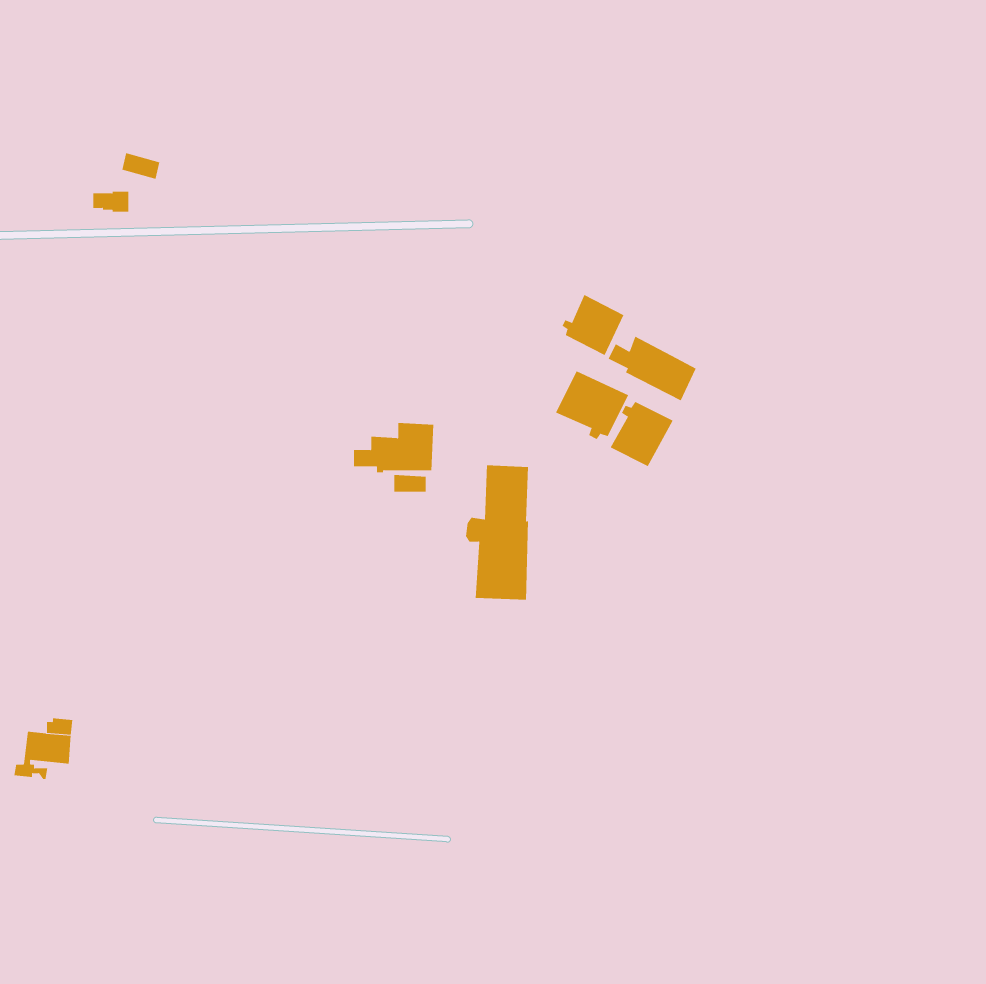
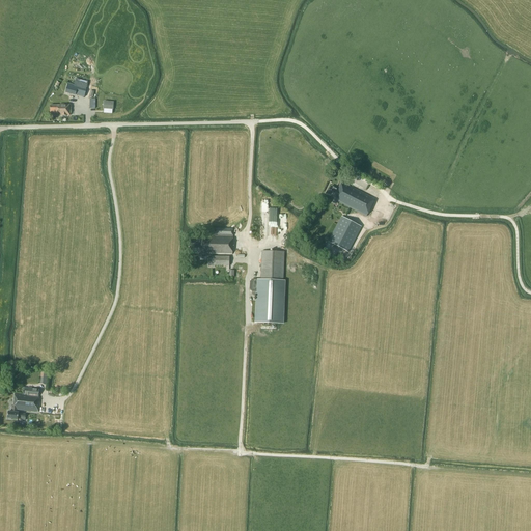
building: [562,294,624,356] -> none
building: [555,371,629,440] -> none

